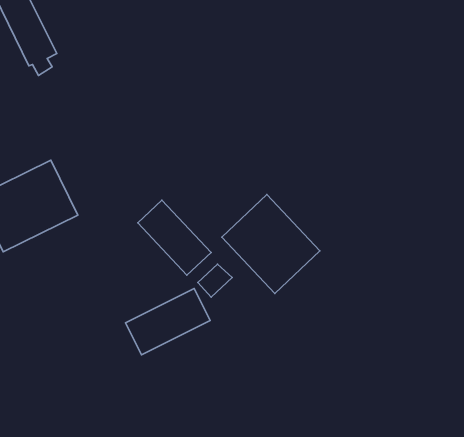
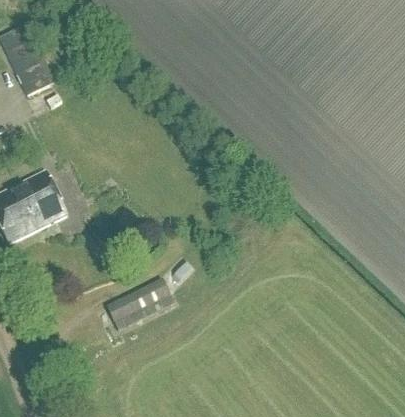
building: [222,195,320,294] -> none
building: [138,200,211,275] -> none

